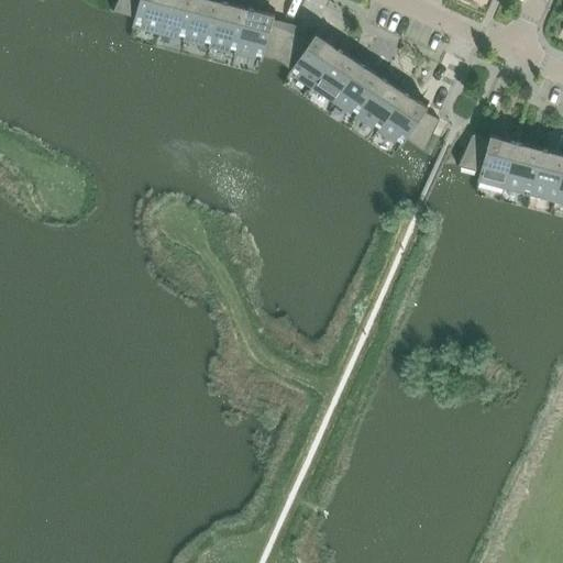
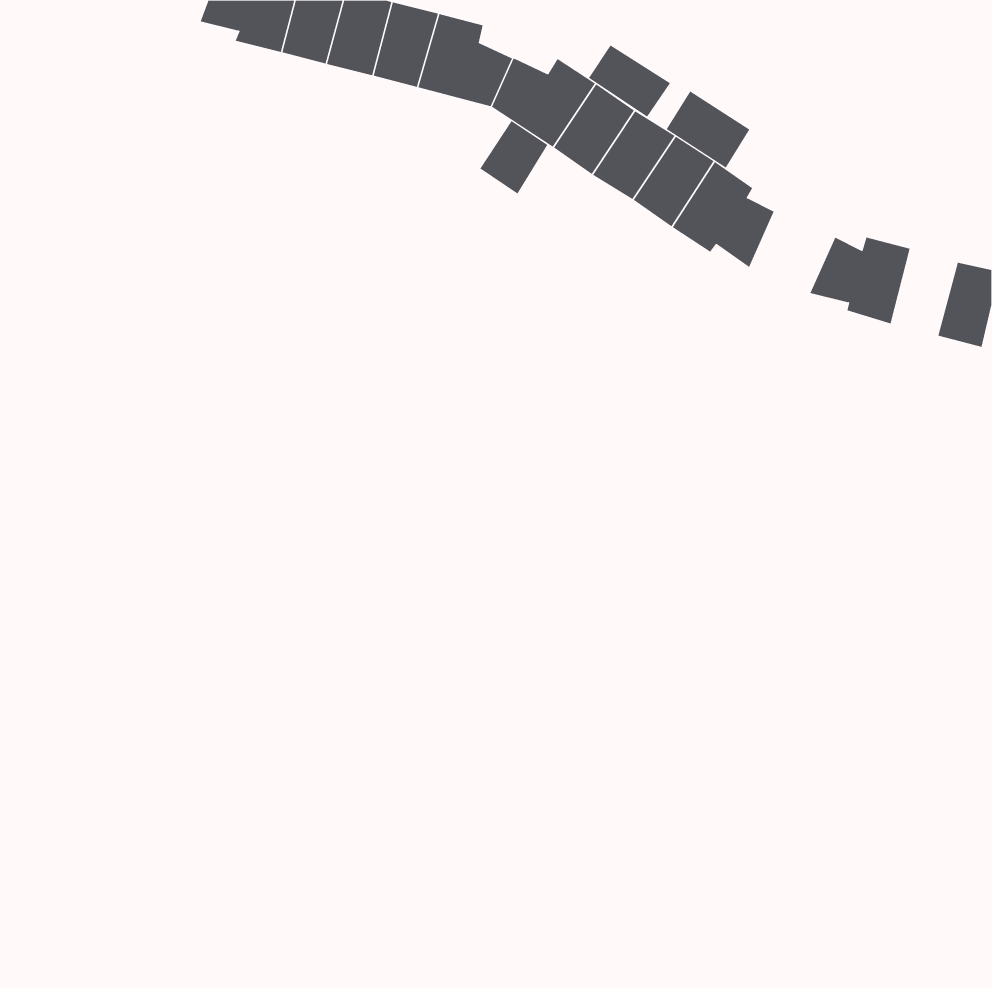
building: none -> [588,45,671,118]
building: none -> [666,90,750,169]
building: none -> [479,120,548,194]
building: [505,143,542,192] -> none

